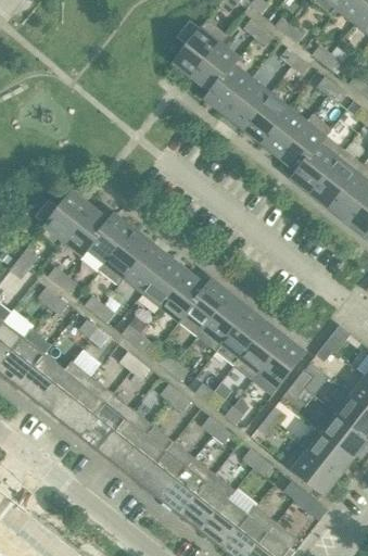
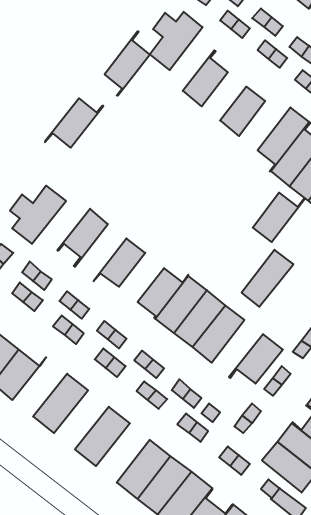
building: [193,35,238,98] -> [105,32,150,95]
building: [225,79,269,127] -> none
building: [262,108,313,156] -> [253,193,304,242]
building: [58,206,115,255] -> [45,98,103,148]
building: [100,229,151,286] -> none
building: [143,257,188,306] -> none
building: [234,324,285,380] -> [242,250,293,307]
building: [38,361,92,419] -> none
building: [79,393,134,452] -> none
building: [120,426,174,484] -> none

